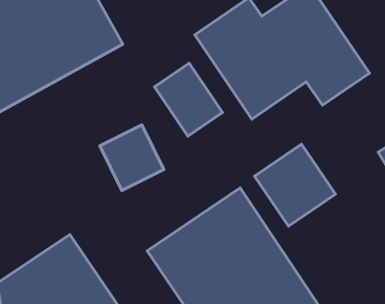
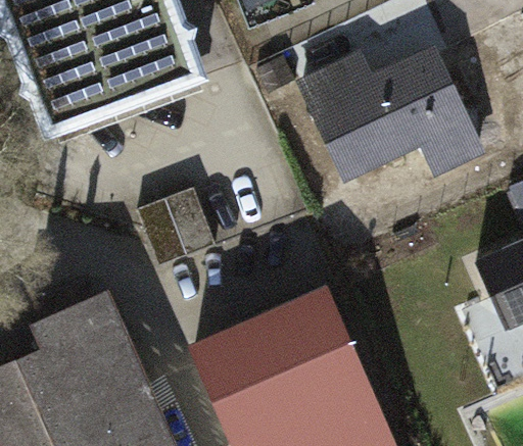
building: [154,63,223,136] -> none
building: [255,144,336,226] -> none

